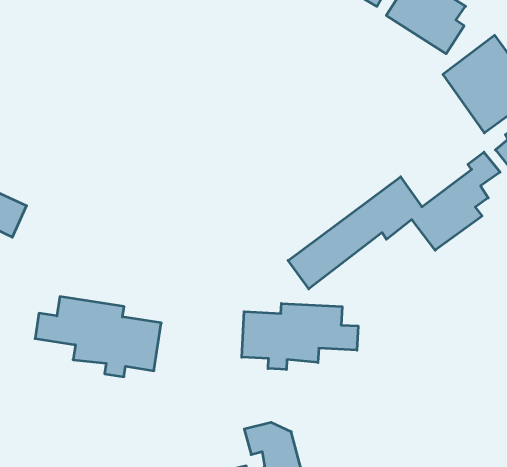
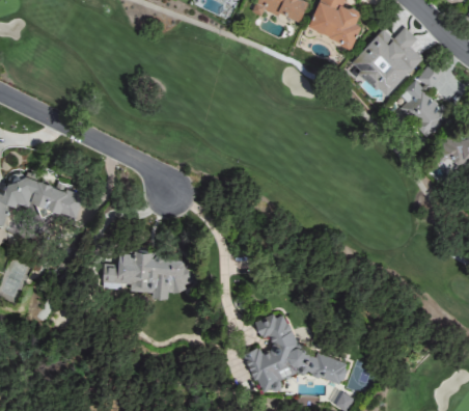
building: [288,152,500,289] -> none
building: [242,303,358,370] -> none

